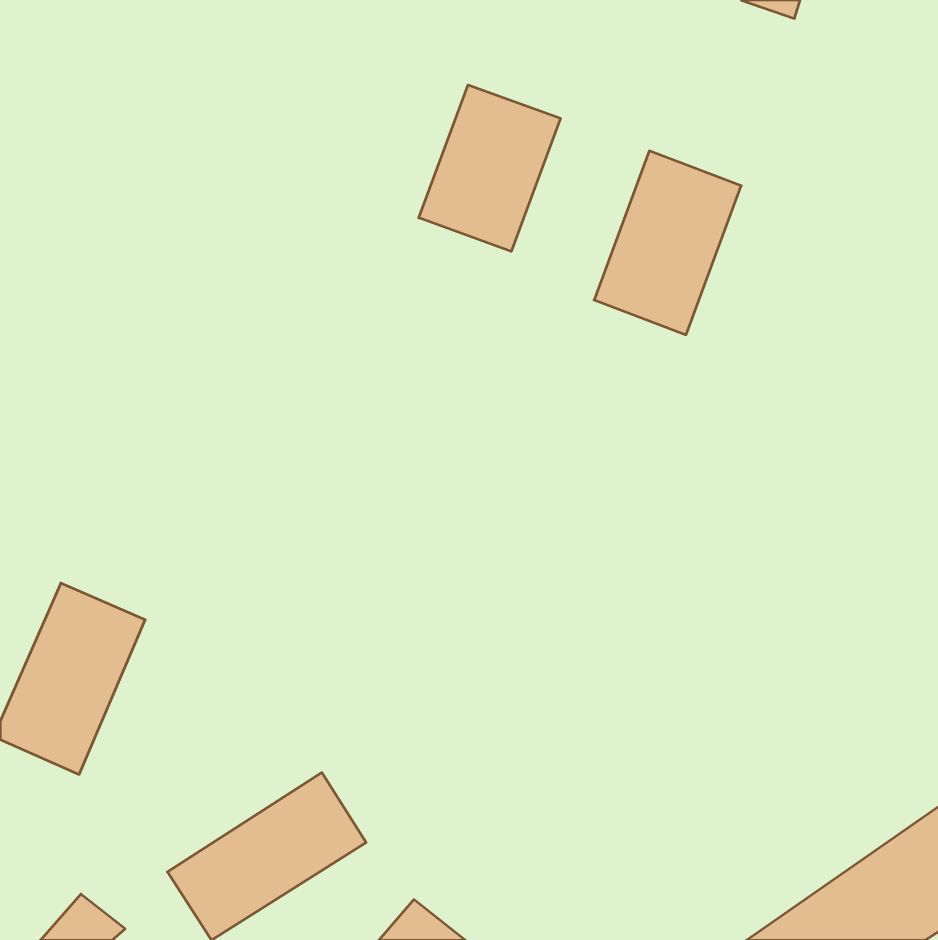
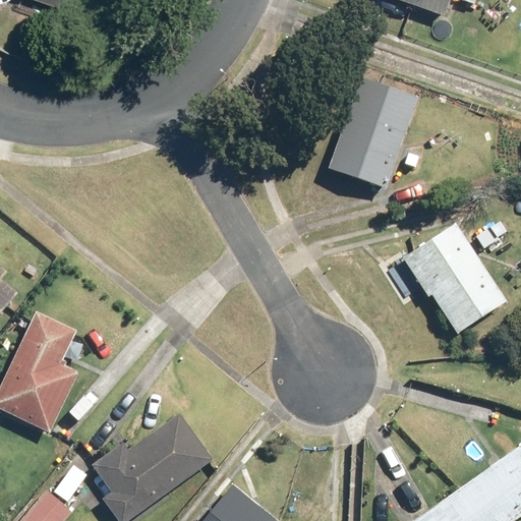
building: [419,85,560,251] -> none
building: none -> [416,232,502,328]

